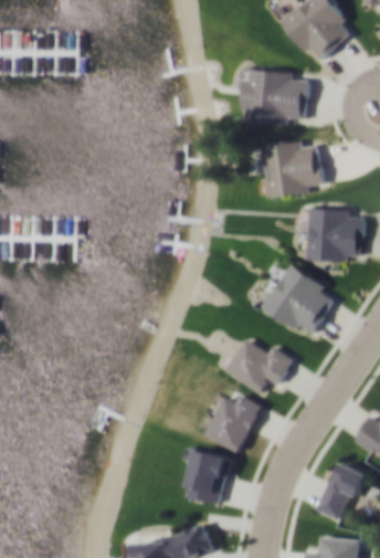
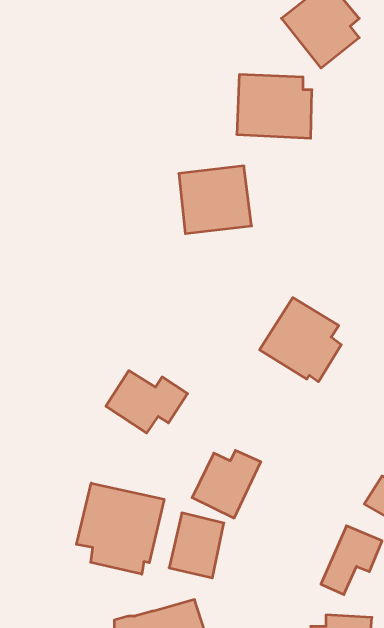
building: [260,139,323,198] -> [179,166,252,234]
building: [304,207,362,261] -> none
building: [222,339,293,393] -> [106,371,188,433]
building: none -> [76,483,164,574]

